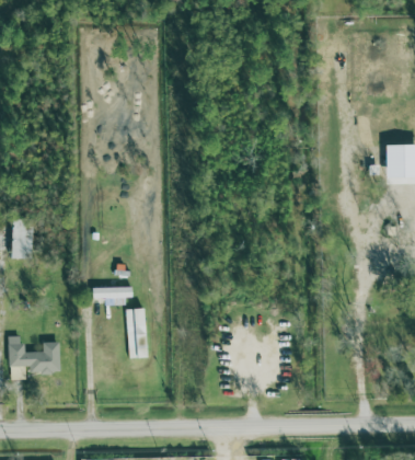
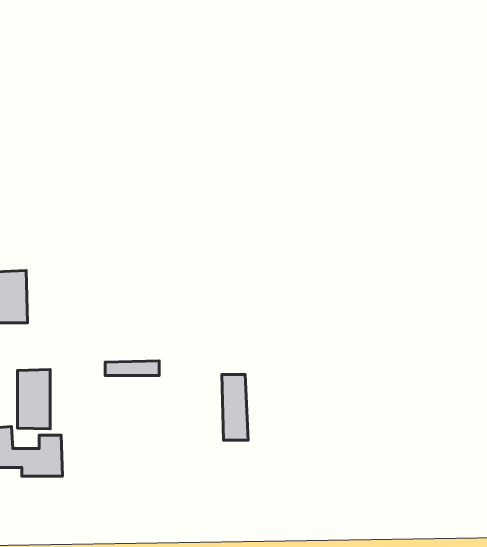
building: none -> [18,369,50,429]
building: [127,309,147,358] -> [222,375,248,440]

